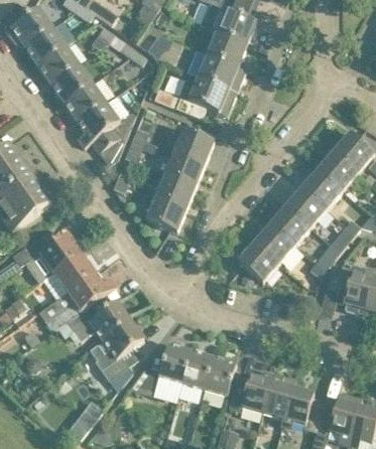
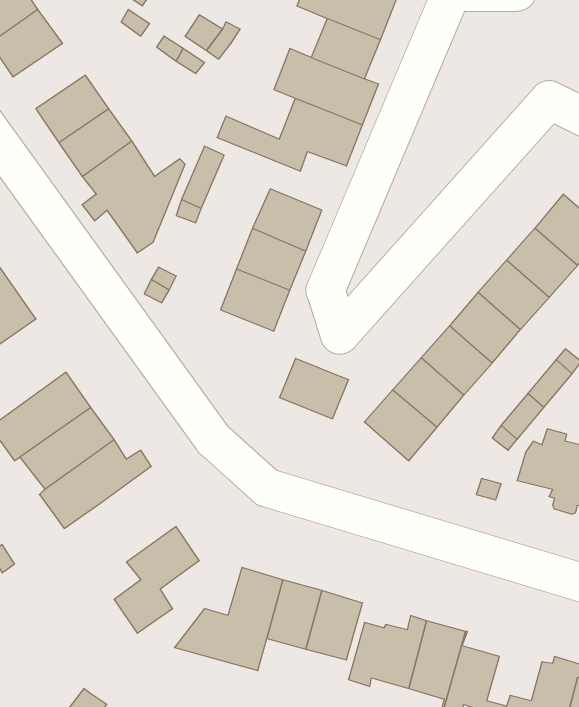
building: [38,45,80,83] -> none
building: [147,196,186,231] -> [279,358,349,419]
building: [57,300,131,342] -> none

